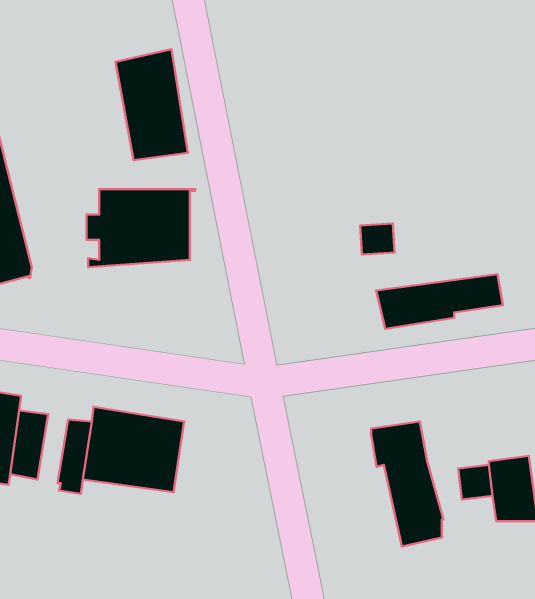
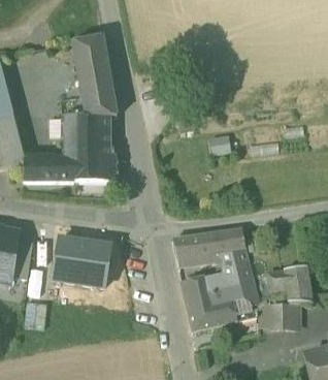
building: none -> [81,93,117,114]
building: none -> [23,154,119,181]
building: [376,274,503,329] -> [172,228,244,259]
building: none -> [181,271,234,327]
building: none -> [265,302,297,326]

